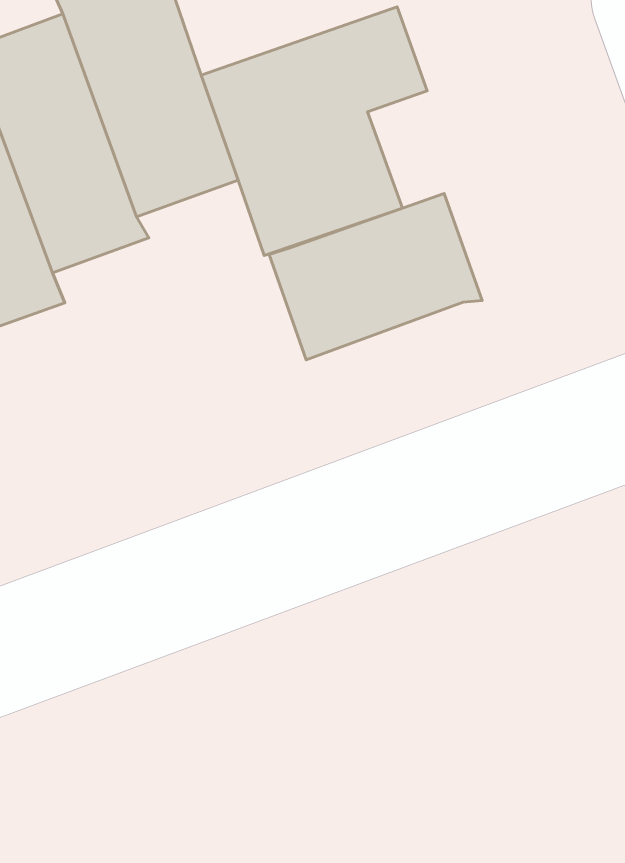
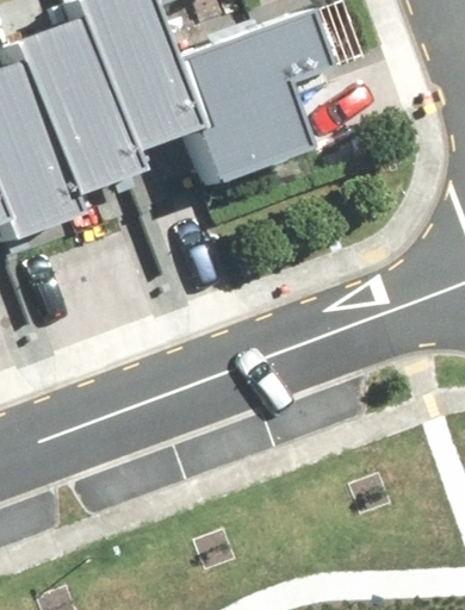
building: [269,193,482,360] -> none

